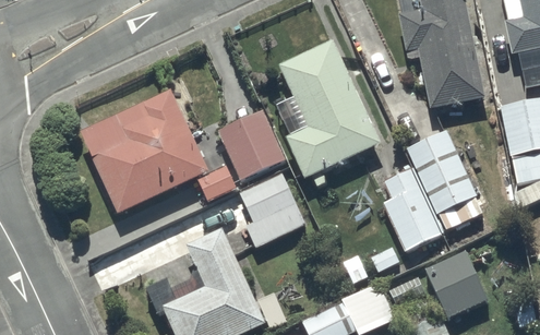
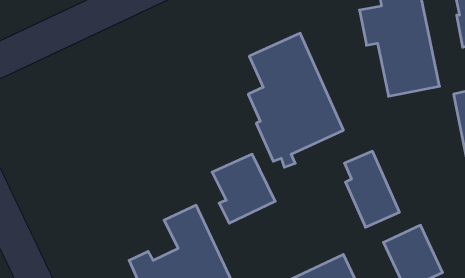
building: [82,91,237,215] -> none
building: [217,108,287,180] -> none
building: [406,129,482,228] -> none

